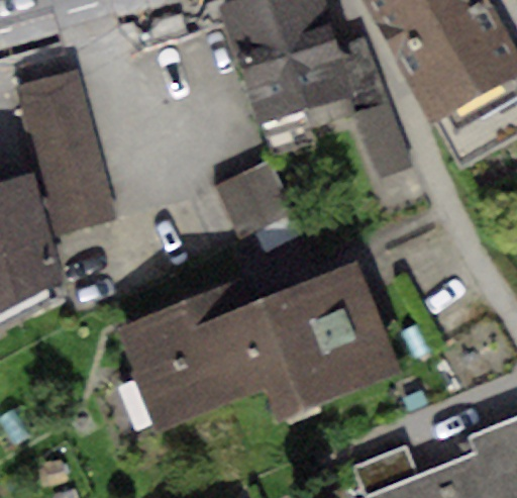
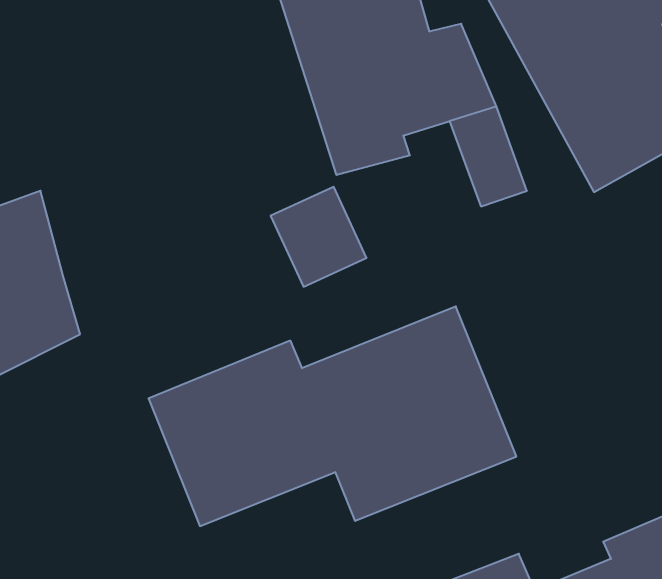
building: [15,70,116,234] -> none

